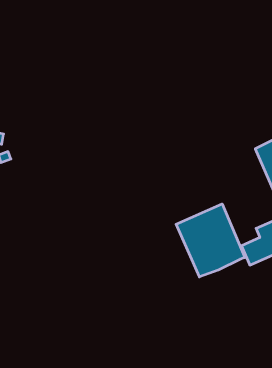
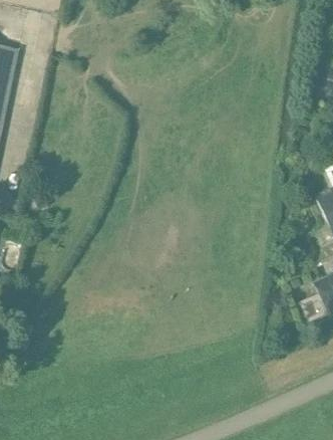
building: [176,204,245,277] -> none

